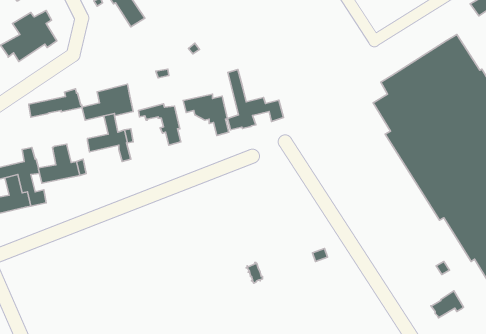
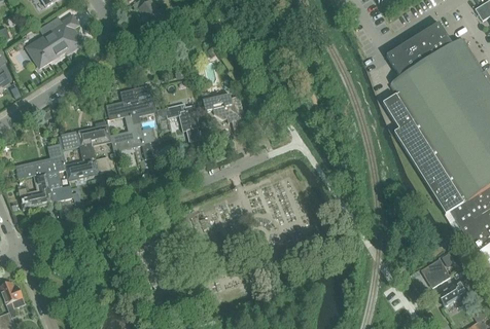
building: none -> [386,22,452,76]
building: [227,69,283,130] -> none
building: [29,89,82,117] -> [62,120,112,147]
building: none -> [422,258,451,286]

